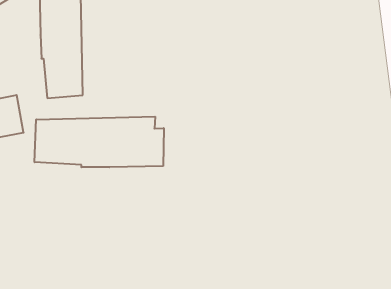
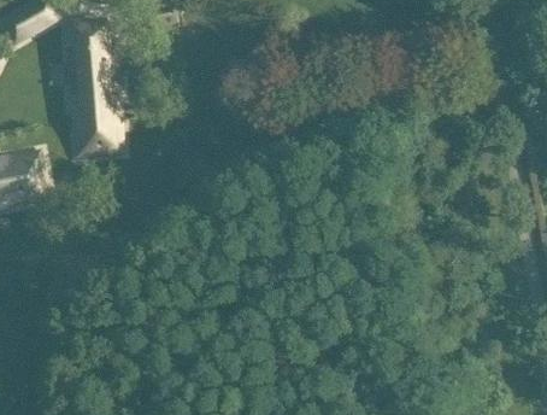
building: [35,117,164,167] -> none

